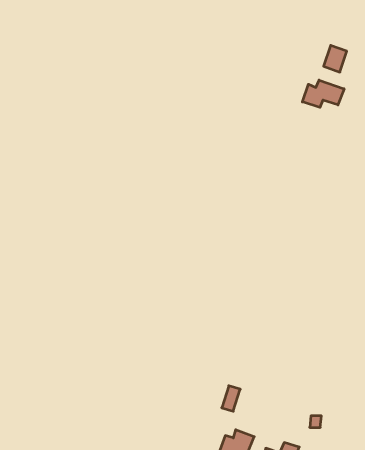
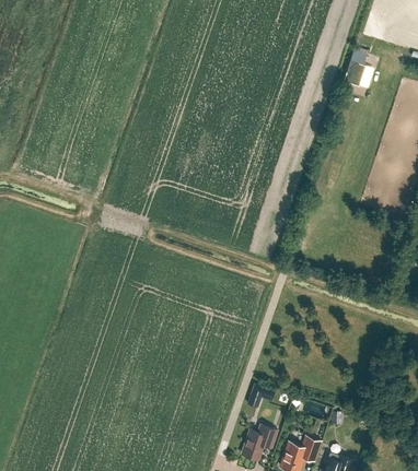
building: [302,80,344,107] -> none

